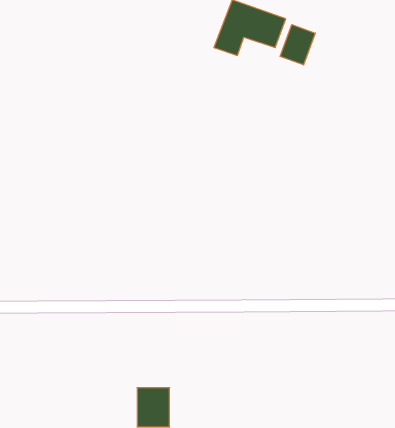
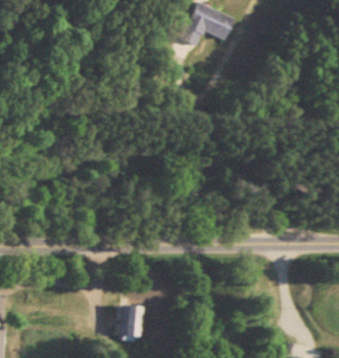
building: [280,25,315,65] -> none

